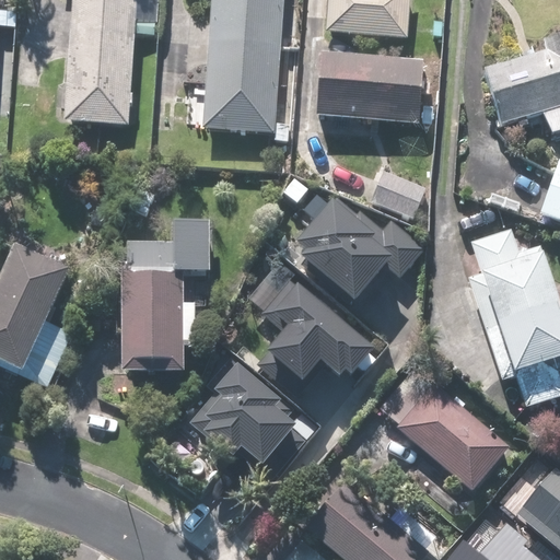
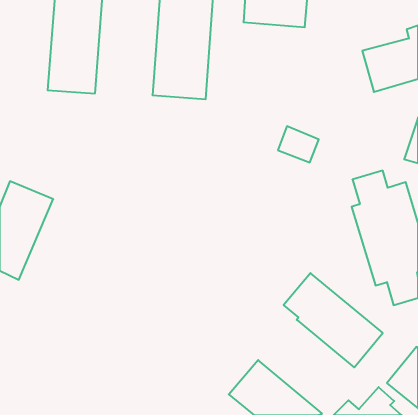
building: [317,51,424,122] -> none
building: [298,196,425,303] -> none
building: [122,218,210,372] -> none
building: [257,279,376,398] -> none
building: [189,357,299,467] -> none

